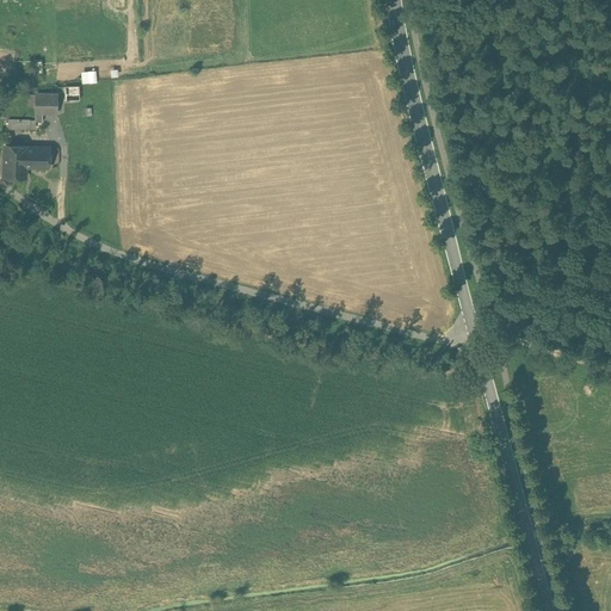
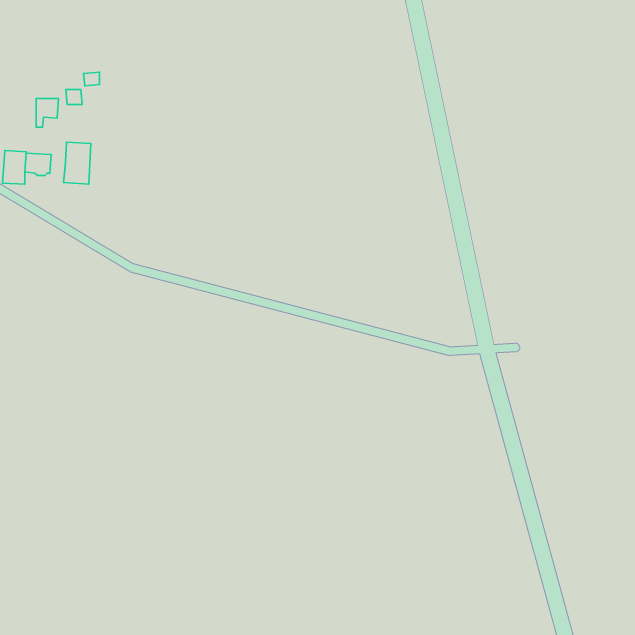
building: none -> [63,142,91,184]

